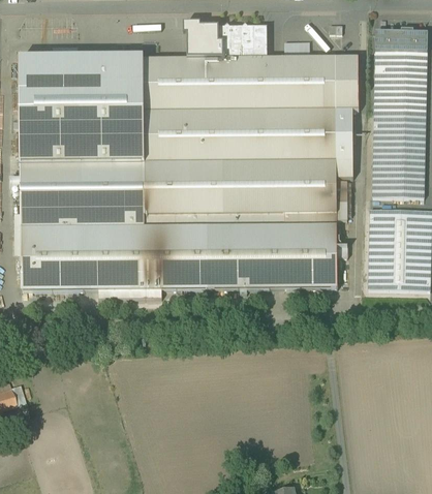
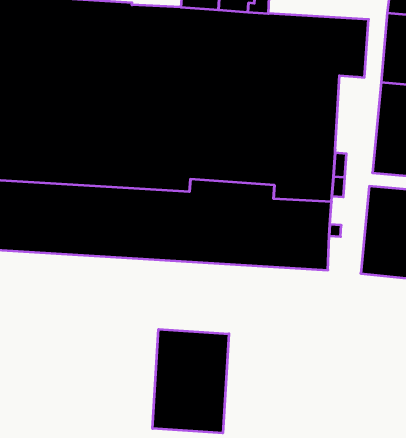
building: [335,109,352,176] -> none
building: none -> [153,329,229,433]

